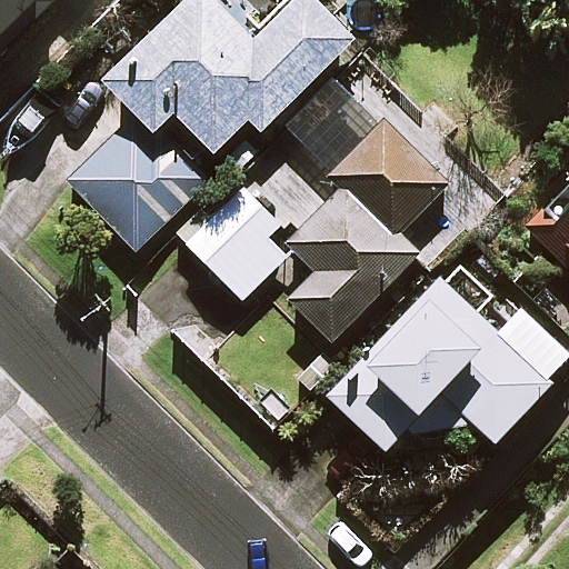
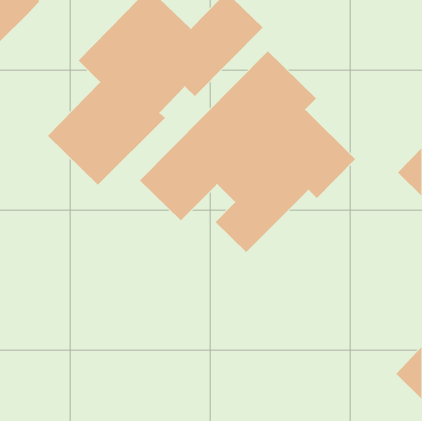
building: [330,278,550,450] -> none

